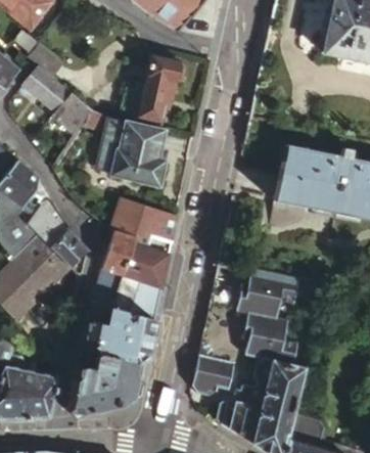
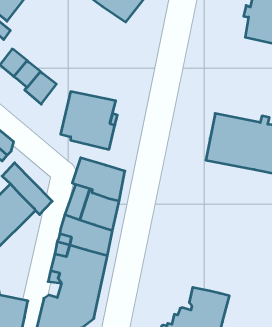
building: [135,55,182,124] -> none
building: [238,267,303,364] -> none
building: [194,354,237,395] -> none

